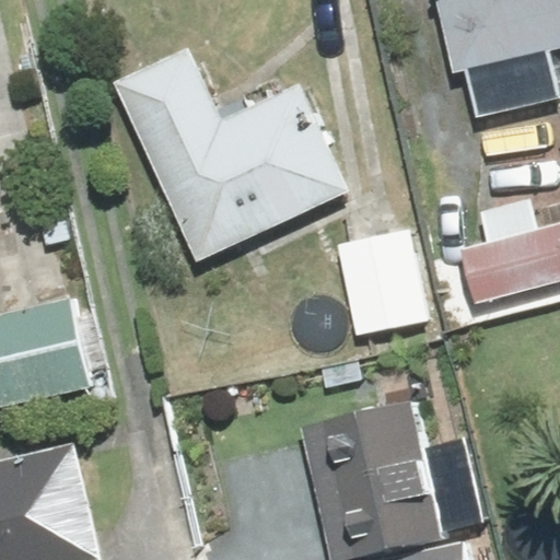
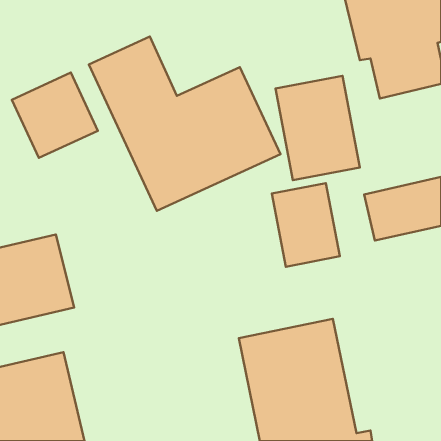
building: none -> [12,73,98,158]
building: none -> [275,76,360,180]

